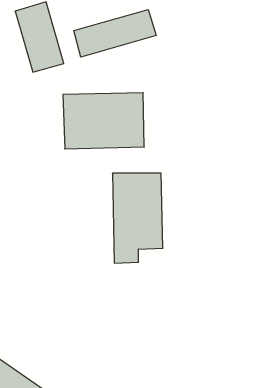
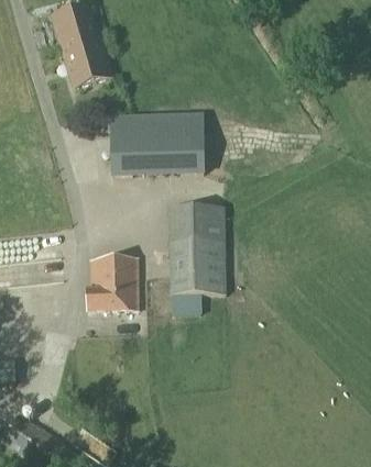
building: [74,10,156,57] -> none
building: none -> [86,256,139,310]

